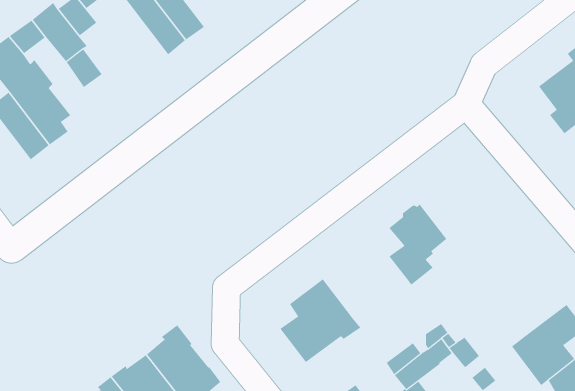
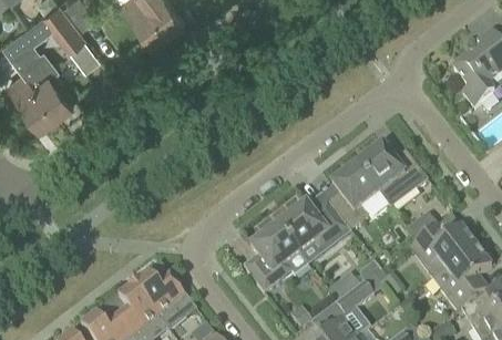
building: none -> [357,147,428,212]
building: none -> [278,205,348,260]
building: none -> [407,228,477,284]

